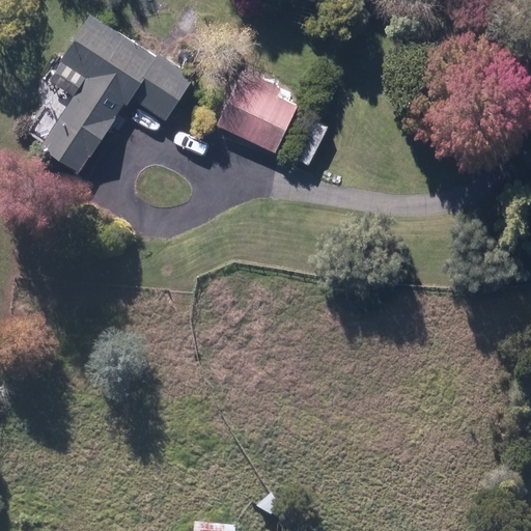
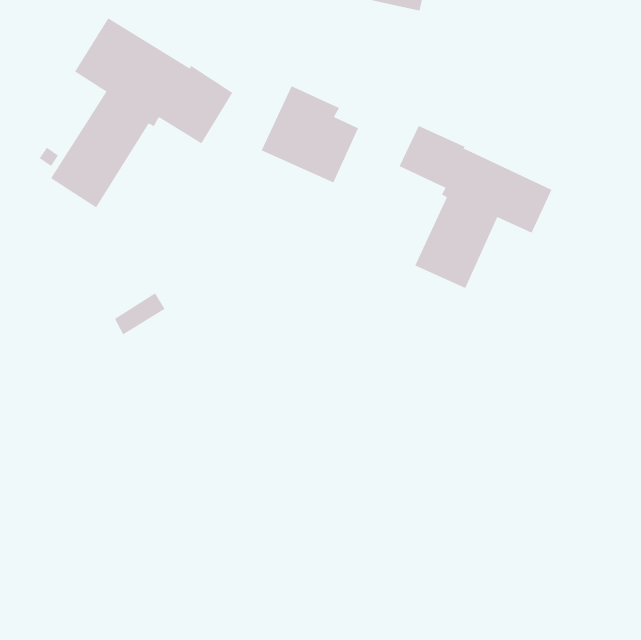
building: none -> [399,125,552,289]

